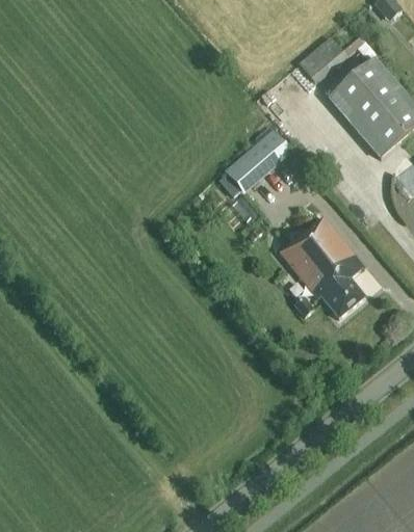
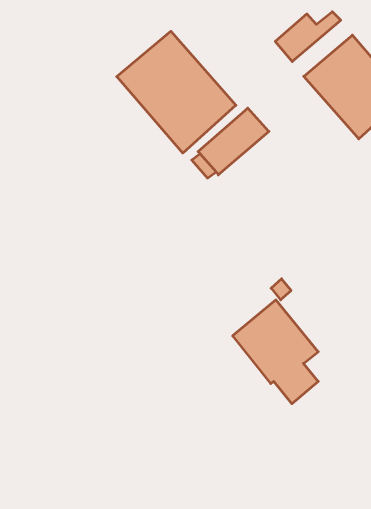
building: none -> [117,31,236,153]
building: [280,215,364,317] -> [233,300,318,404]

